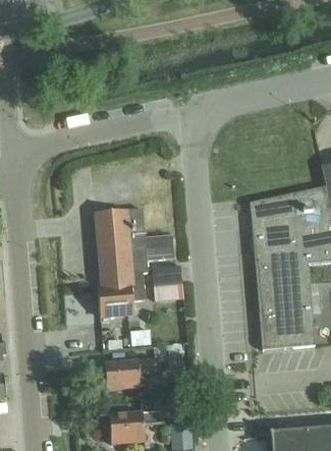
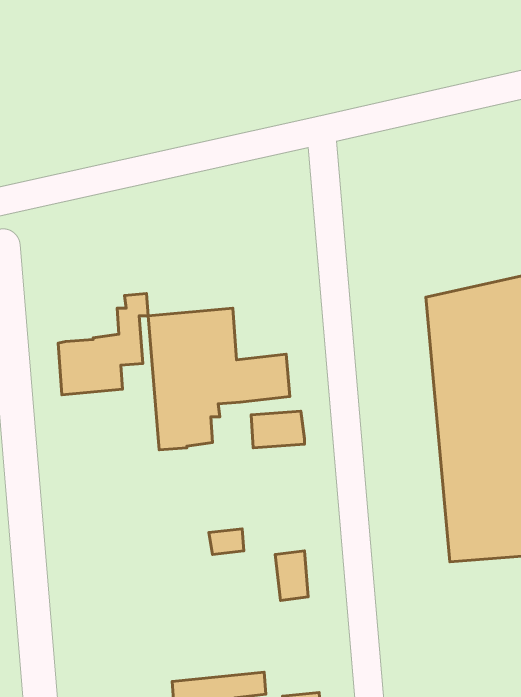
building: [98,261,148,317] -> [58,294,148,395]
building: [104,359,156,390] -> none

